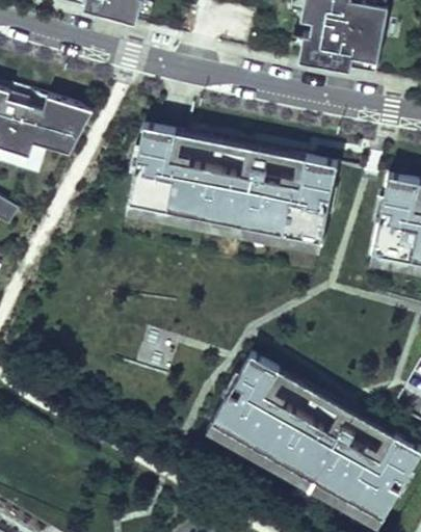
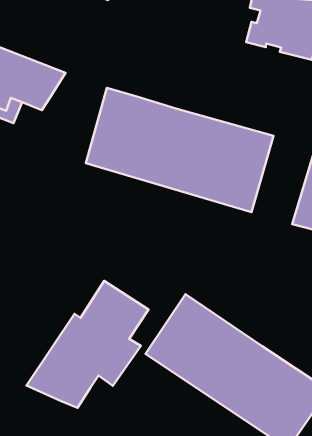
building: none -> [27,281,149,408]

